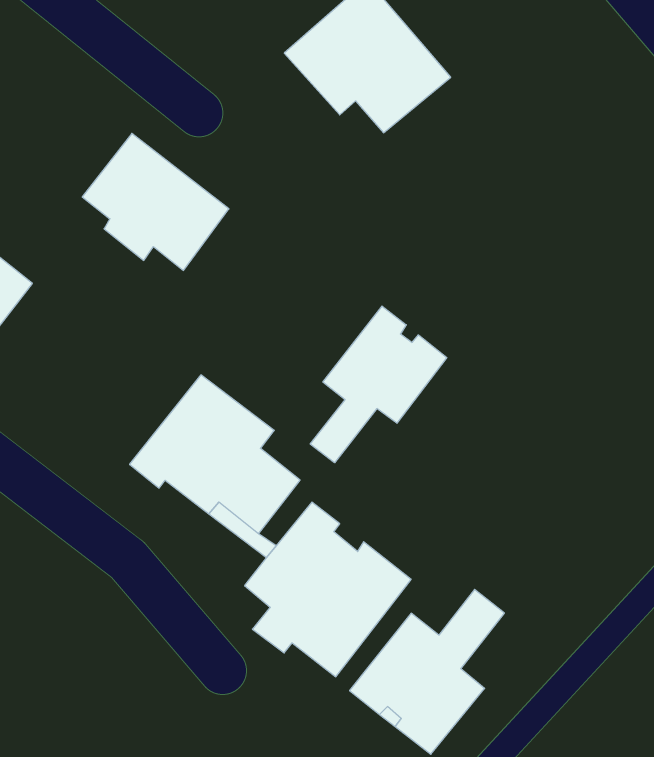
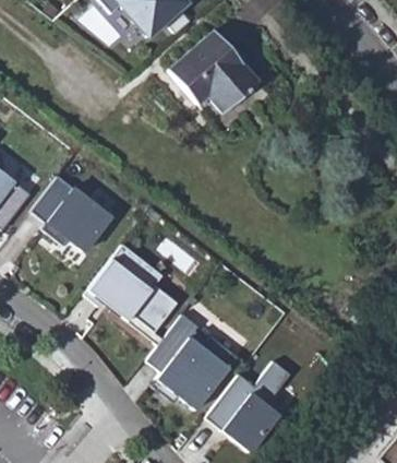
building: [82,133,229,270] -> [29,176,110,251]
building: [310,306,447,463] -> none

